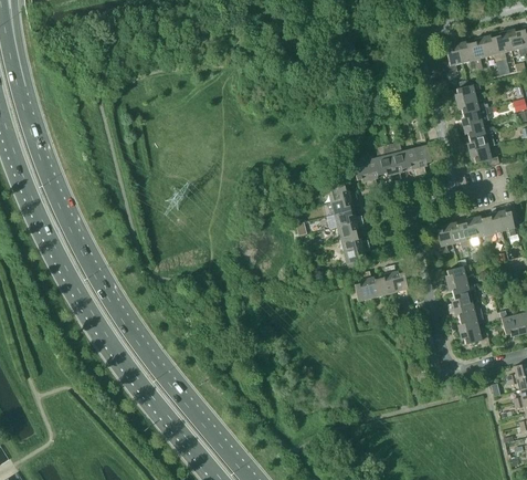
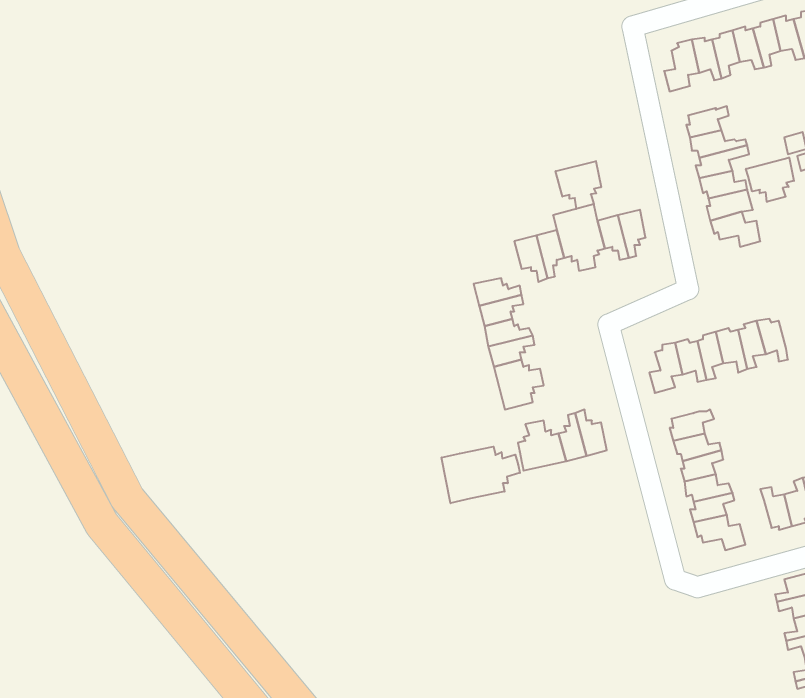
building: none -> [746,157,794,202]
building: none -> [556,161,601,209]
building: none -> [442,447,520,503]

